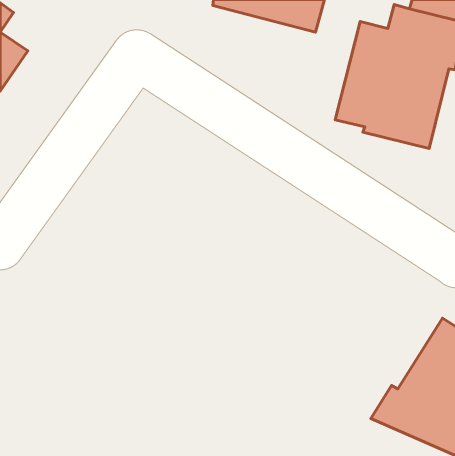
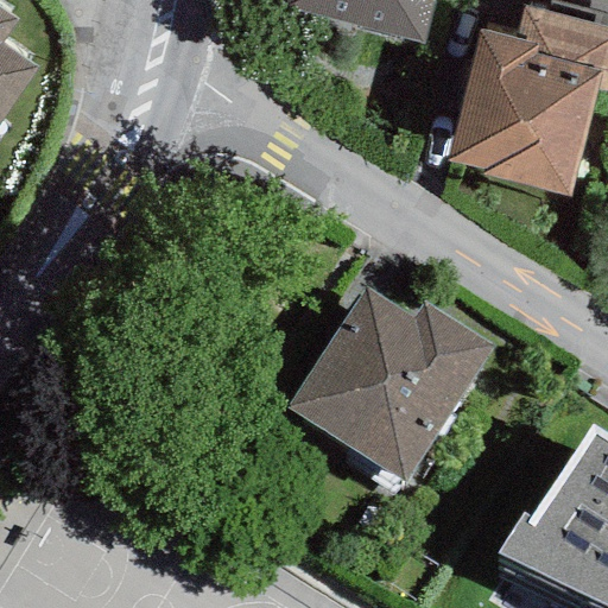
building: none -> [286,283,494,483]

